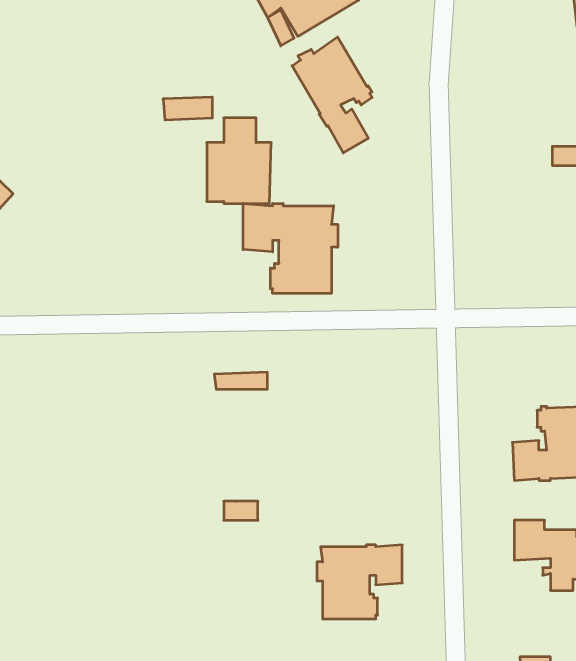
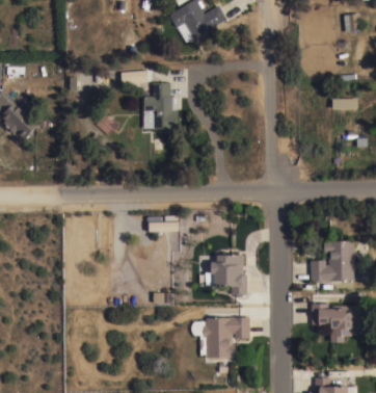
building: [292,37,372,153] -> none
building: [243,203,338,293] -> none
building: none -> [212,255,247,295]

